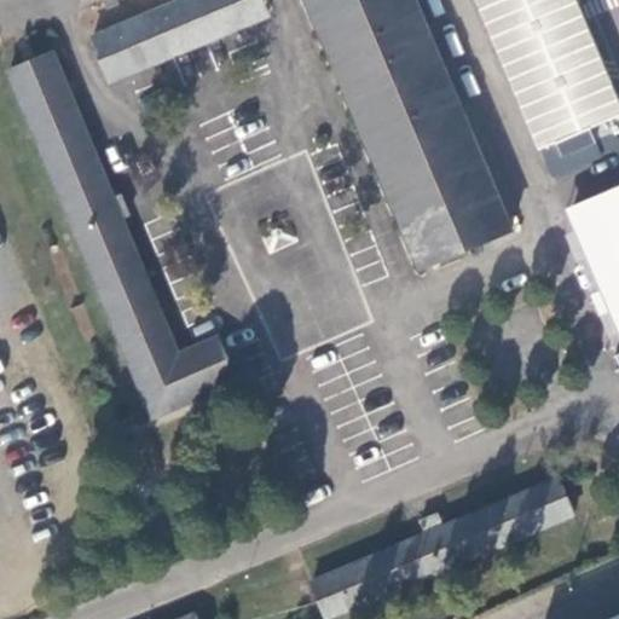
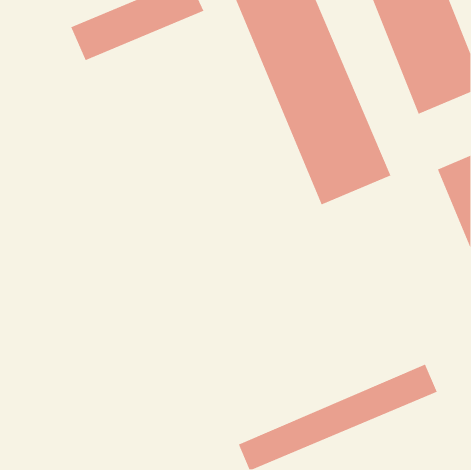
building: [8,52,237,420] -> none

